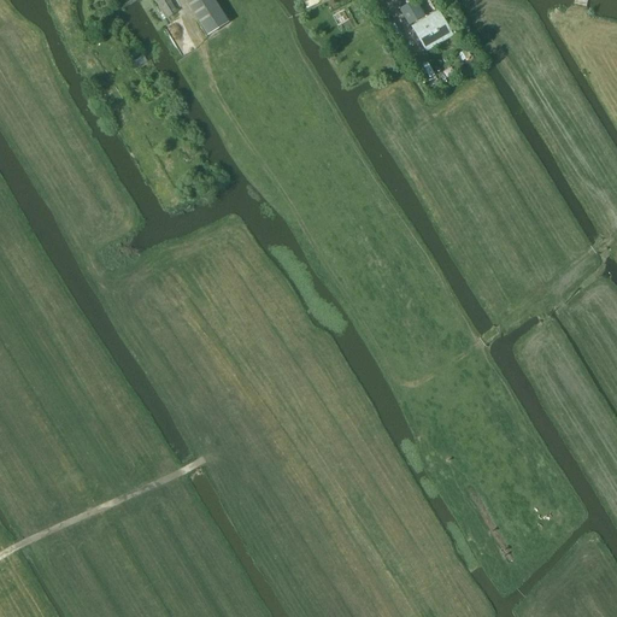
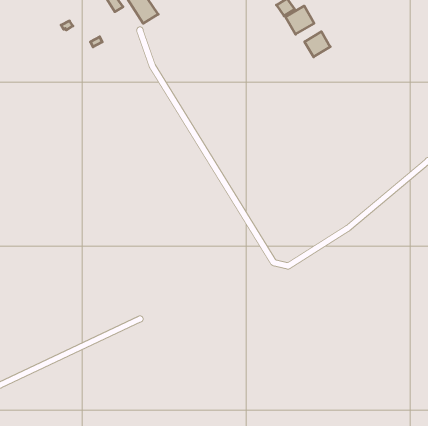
building: none -> [305,32,330,57]

